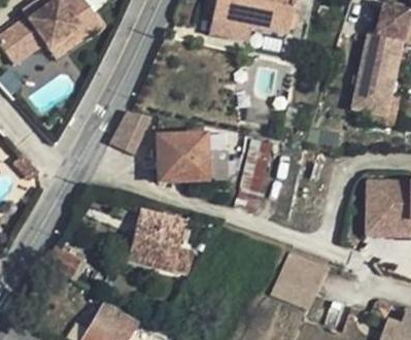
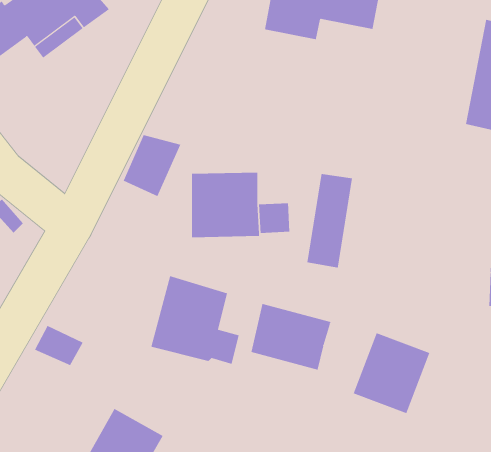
building: none -> [251,303,331,370]

